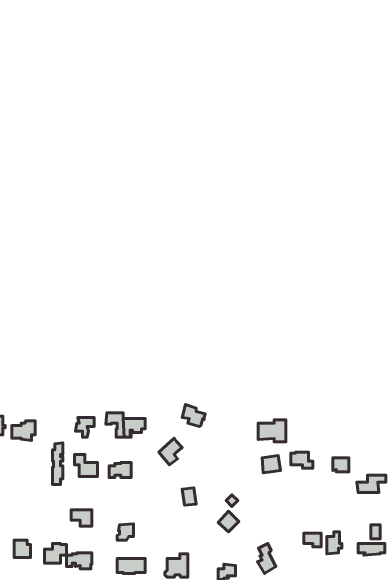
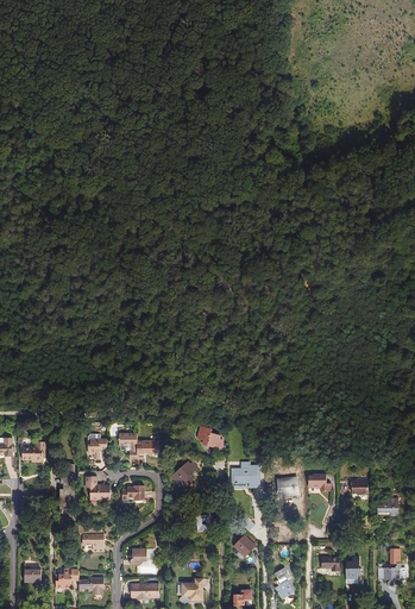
building: [258,420,286,442] -> [231,464,259,486]

